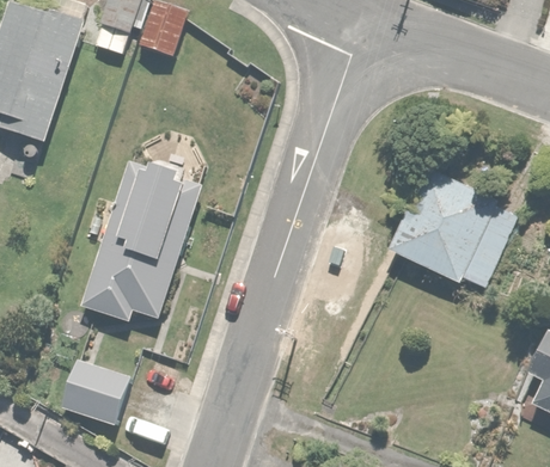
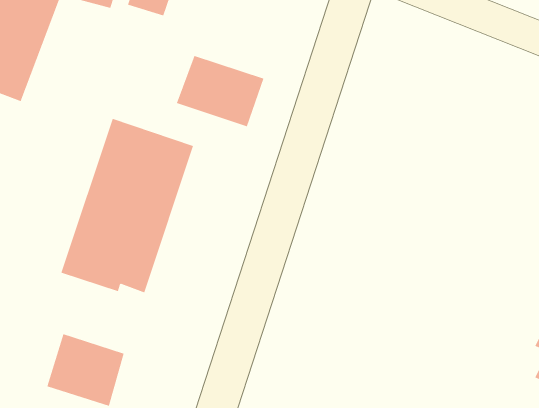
building: none -> [176,55,264,127]
building: [386,166,525,290] -> none

